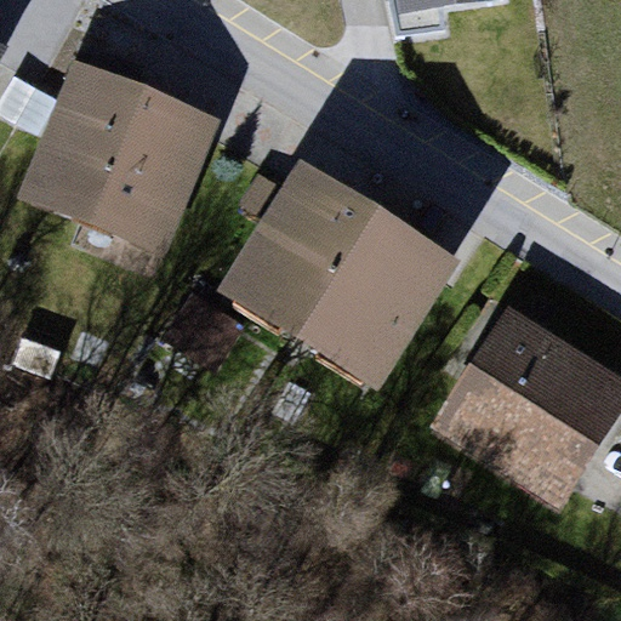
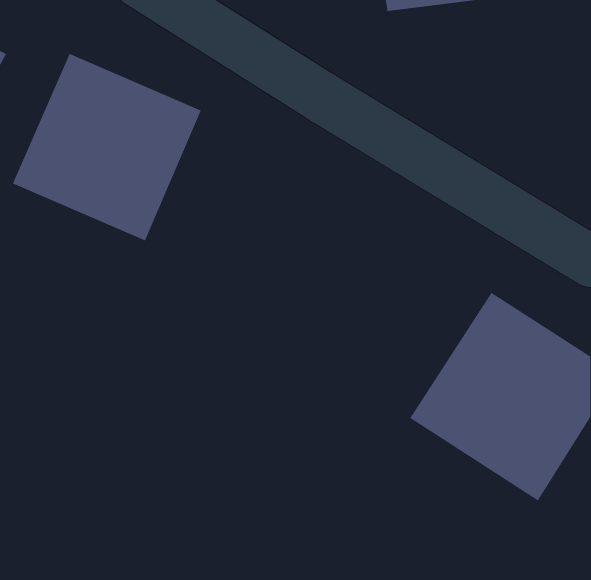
building: [228,164,462,387] -> none

